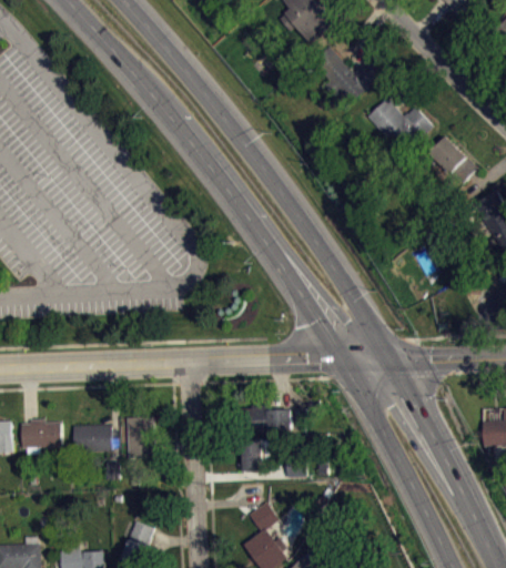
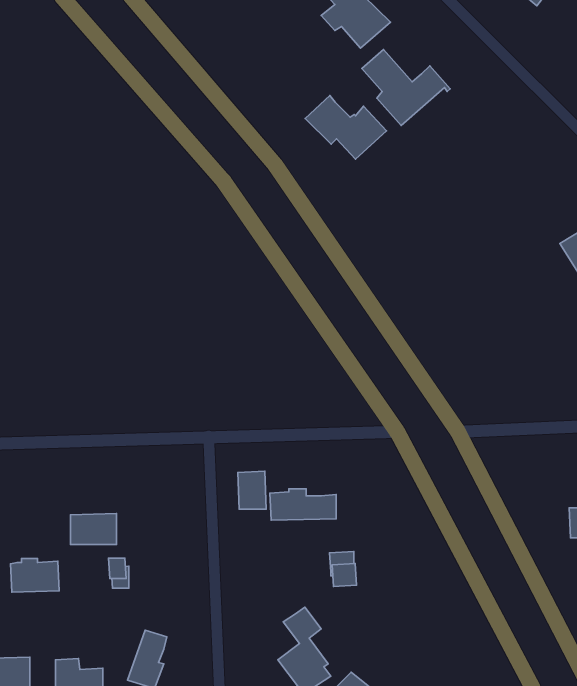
building: [366,98,433,150] -> [305,95,387,159]
building: [429,136,477,184] -> none
building: [125,416,155,458] -> none
building: [21,419,61,447] -> [11,558,59,592]
building: [239,439,262,470] -> [238,471,266,509]

